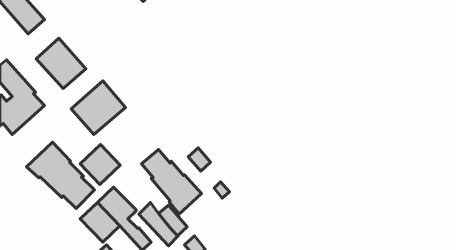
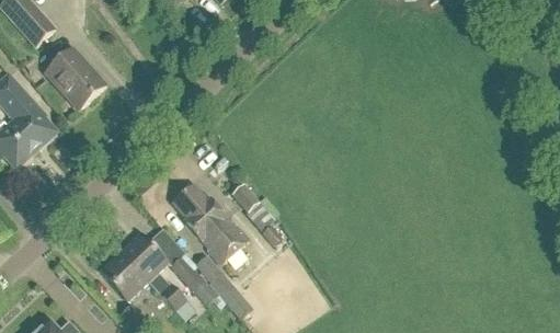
building: [71,81,126,134] -> none
building: [27,142,94,209] -> none
building: [80,144,120,185] -> none

